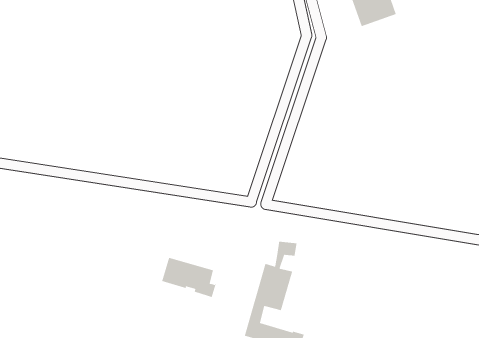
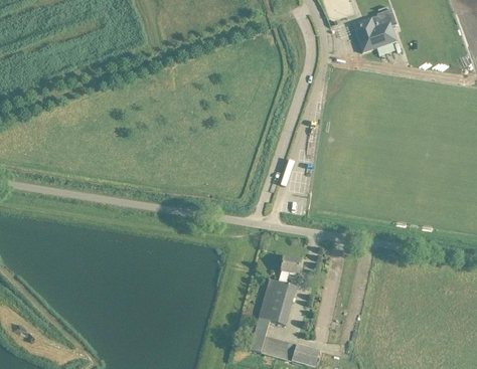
building: [161,257,217,298] -> none

